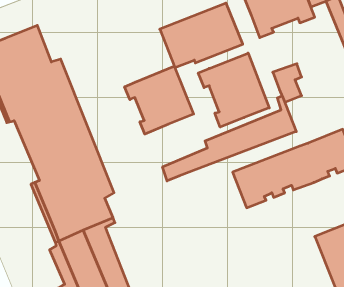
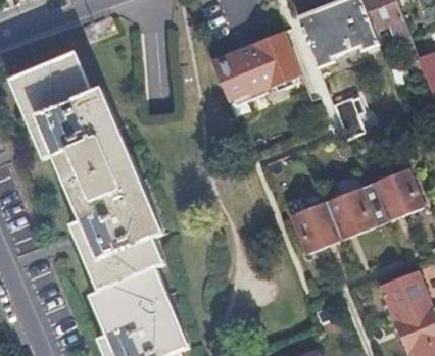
building: [198,53,269,127] -> none
building: [125,66,194,134] -> none
building: [163,96,296,181] -> none

